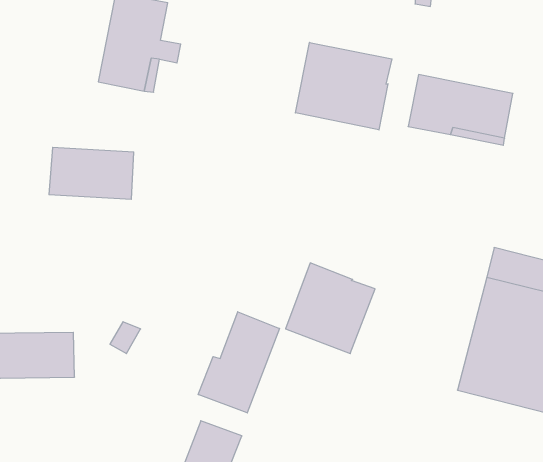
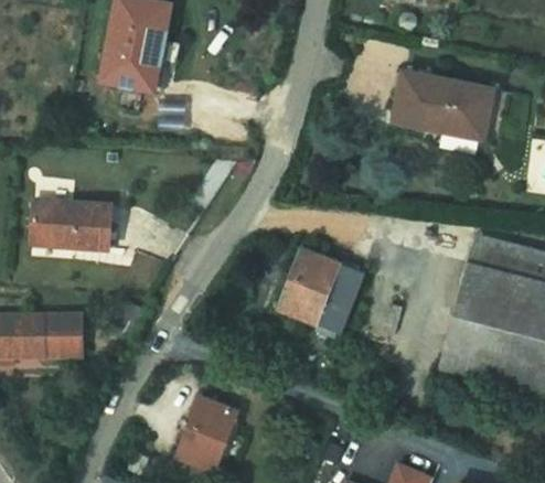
building: [295,42,392,130] -> none
building: [49,147,134,199] -> [31,201,110,249]
building: [198,312,279,413] -> none

